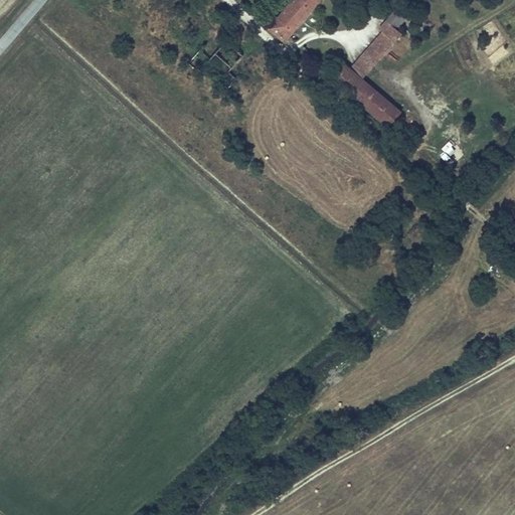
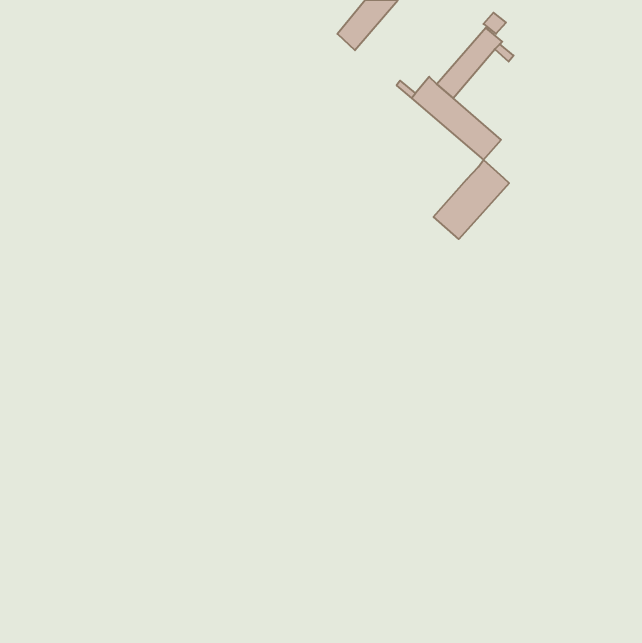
building: none -> [434,160,509,239]

